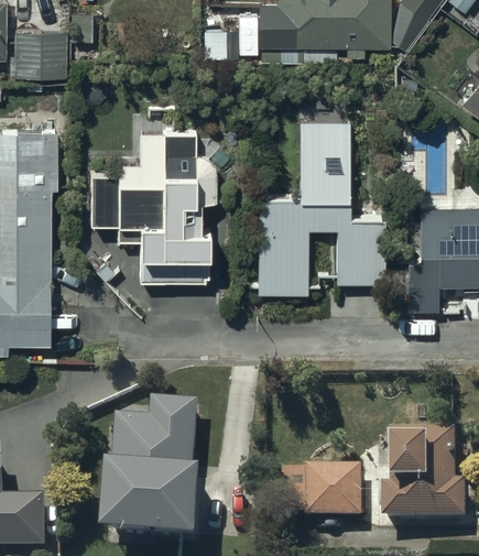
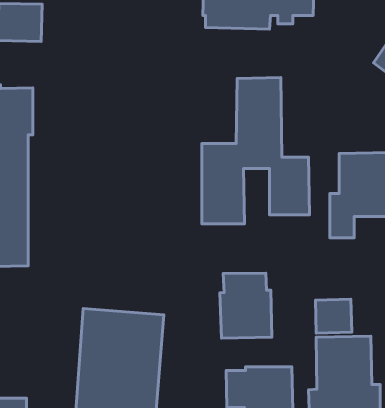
building: [91,132,216,282] -> none
building: none -> [220,273,272,338]
building: none -> [315,299,352,333]

